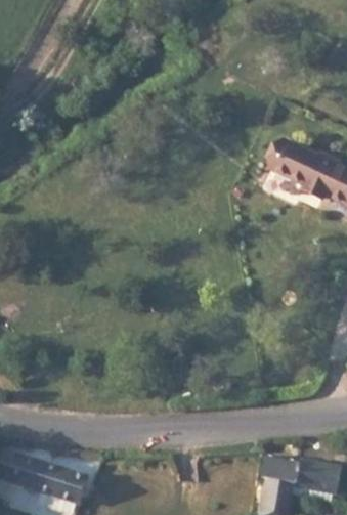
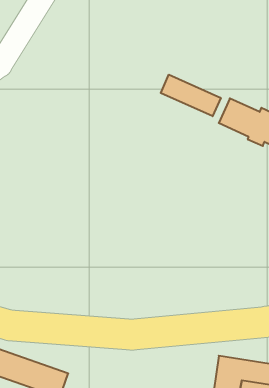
building: none -> [161,75,221,116]

